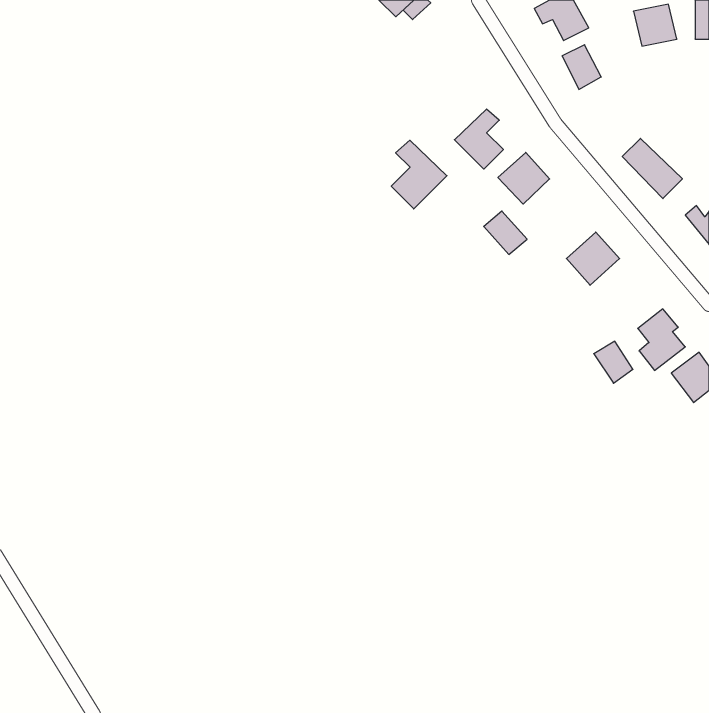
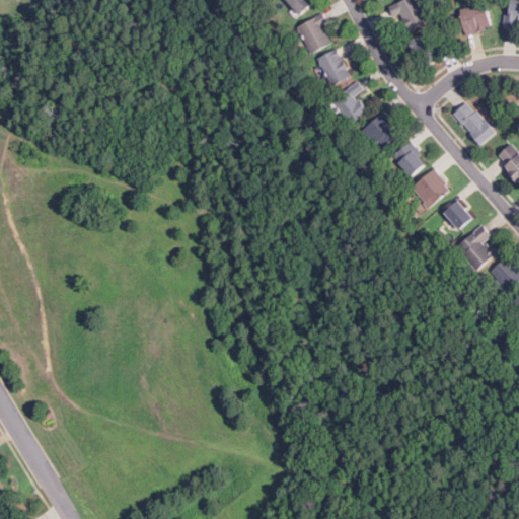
building: none -> [295,14,330,54]
building: none -> [316,49,349,86]
building: [391,140,447,209] -> none
building: [484,211,527,254] -> [393,145,425,176]
building: [594,341,633,383] -> [443,201,471,231]

